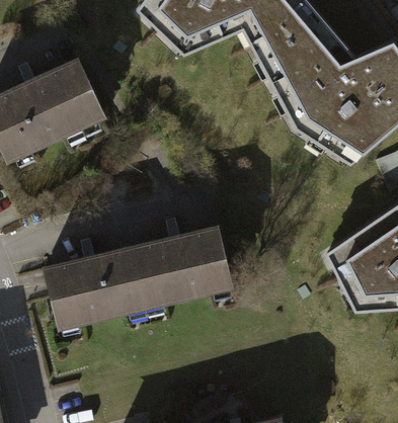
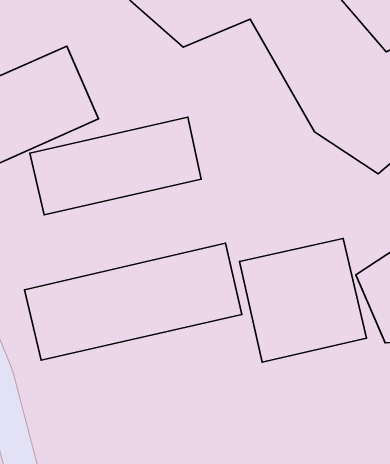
building: none -> [30,117,201,215]
building: none -> [240,238,366,362]

